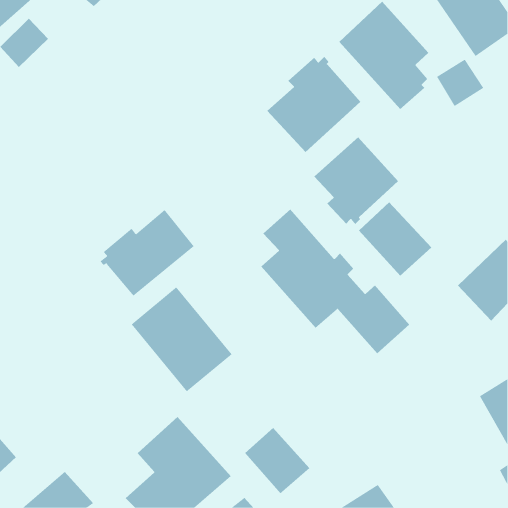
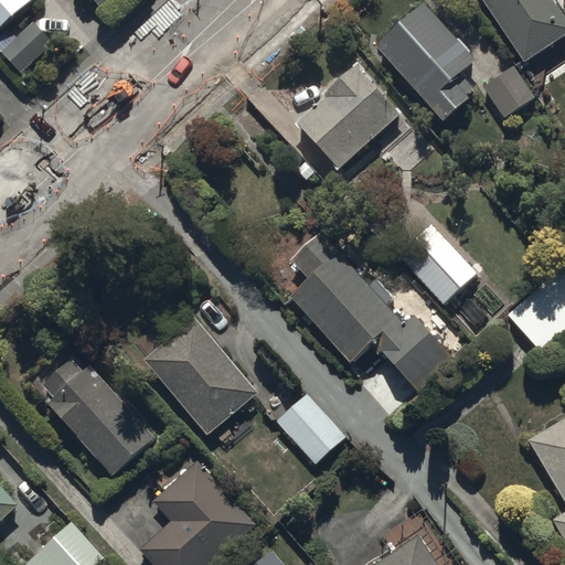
building: [313,137,399,225] -> none
building: [99,209,194,297] -> none
building: none -> [42,358,154,475]
building: [244,427,310,494] -> [274,392,347,466]

